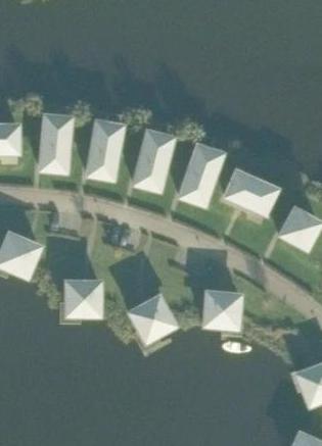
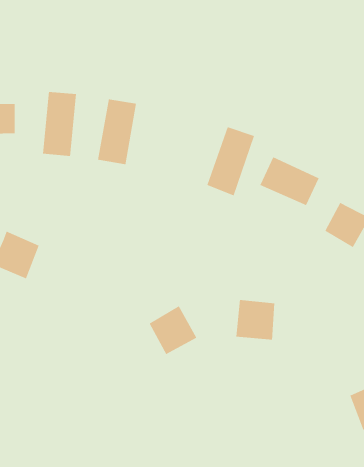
building: [133,129,171,187] -> none
building: [65,280,97,311] -> none

